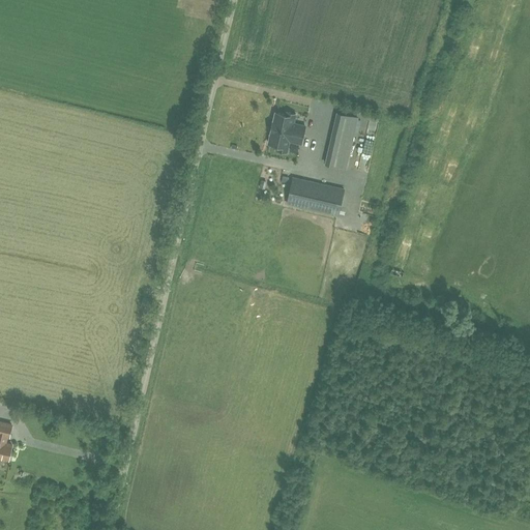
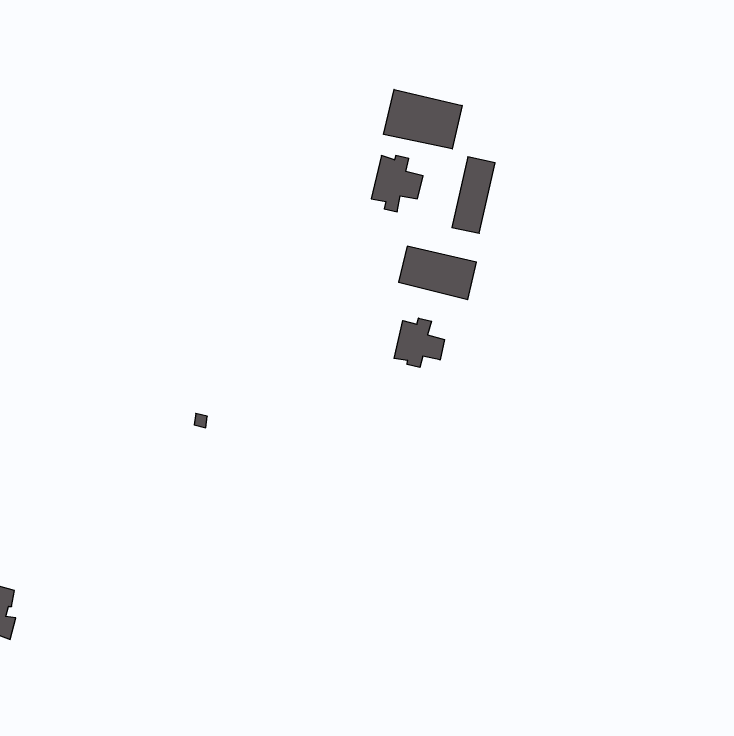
building: none -> [384,89,462,149]
building: none -> [394,318,444,367]

